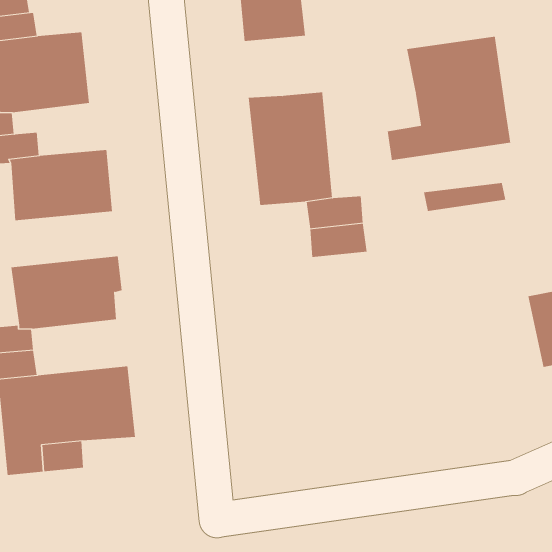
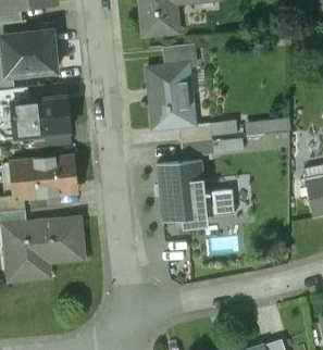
building: [387,36,511,161] -> none
building: none -> [165,43,196,66]
building: none -> [158,160,236,221]

